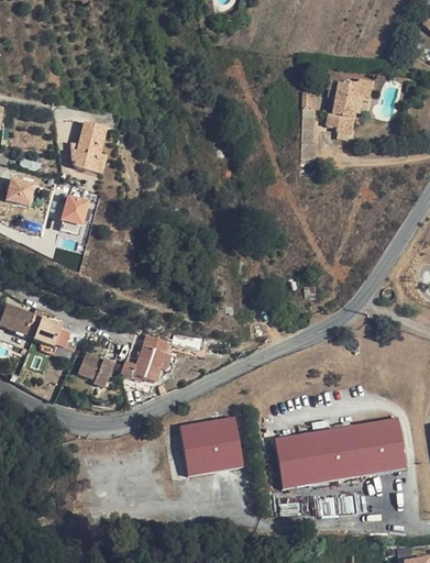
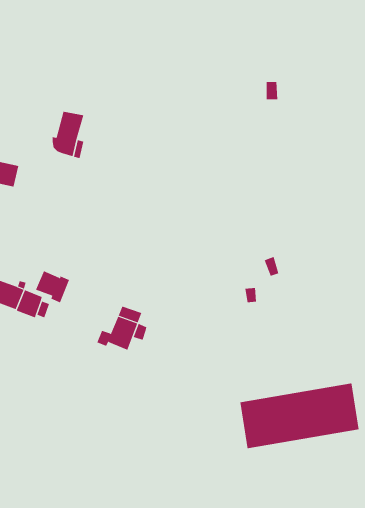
building: [324,75,374,139] -> none
building: [62,194,91,224] -> none
building: [77,352,114,387] -> [35,271,70,303]
building: [179,416,242,475] -> none

